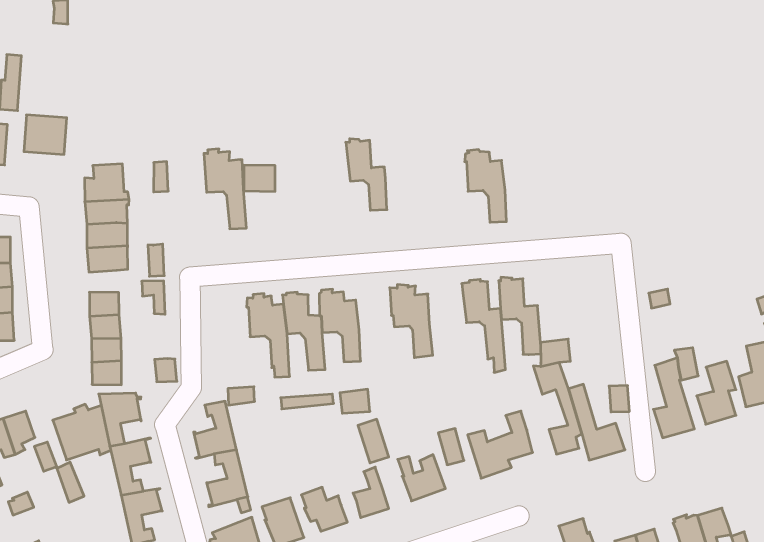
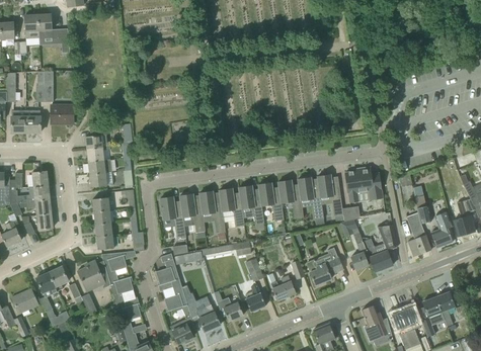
building: [346,139,387,210] -> [238,185,263,224]
building: [204,149,246,229] -> [159,195,185,239]
building: [465,150,506,222] -> [277,179,303,218]
building: none -> [344,167,382,202]

